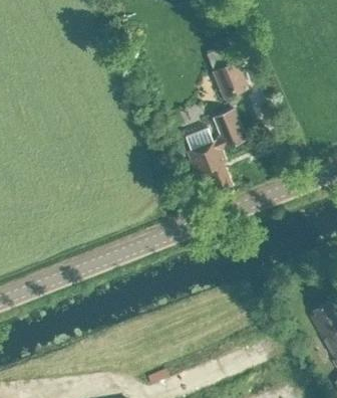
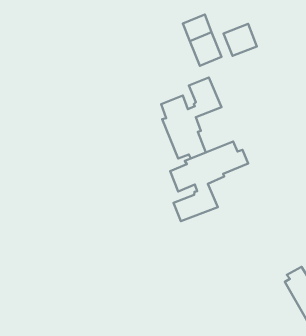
building: none -> [224,24,257,56]
building: none -> [170,142,248,221]

